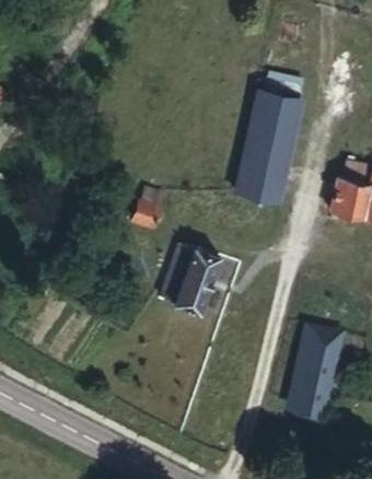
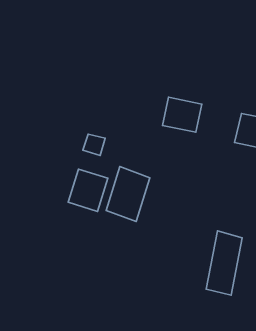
building: [245,92,302,164] -> none
building: none -> [68,169,108,211]

